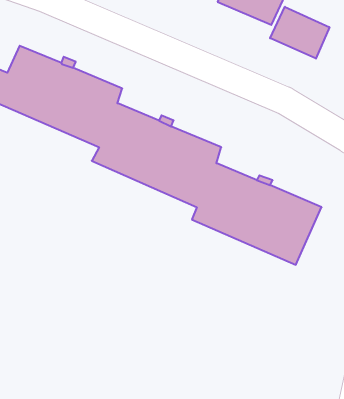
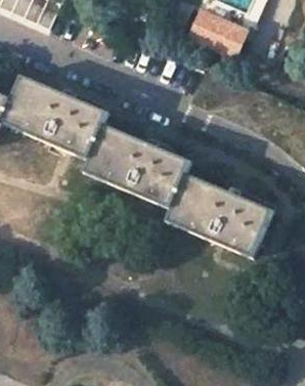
building: [270,7,329,59] -> none

